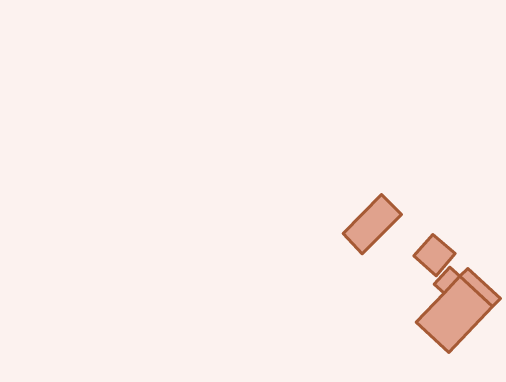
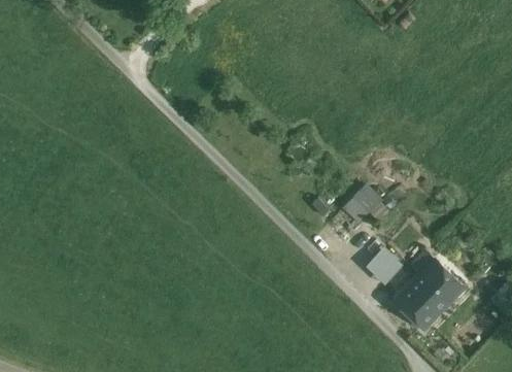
building: [414,234,455,276] -> [365,245,403,283]

